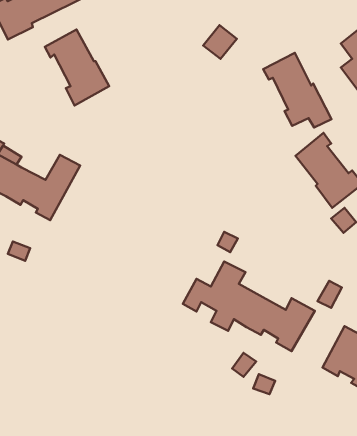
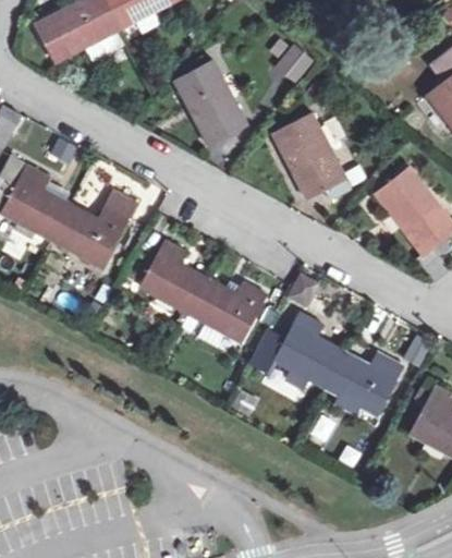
building: [45,30,109,105] -> [175,60,248,146]
building: [263,53,332,128] -> [274,113,352,198]
building: none -> [139,241,267,341]

